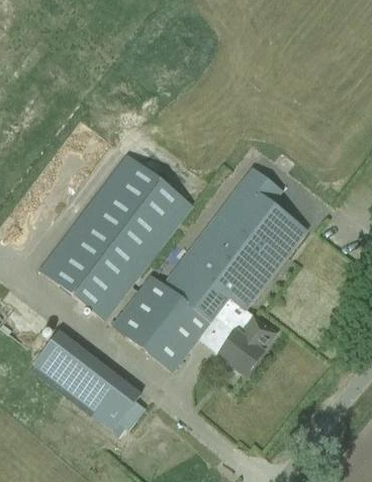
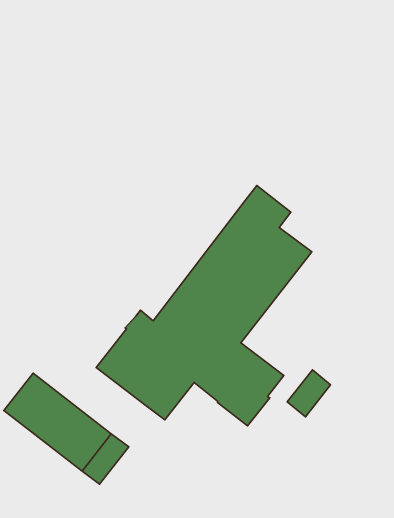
building: [39,154,193,320] -> none
building: none -> [287,370,331,417]

